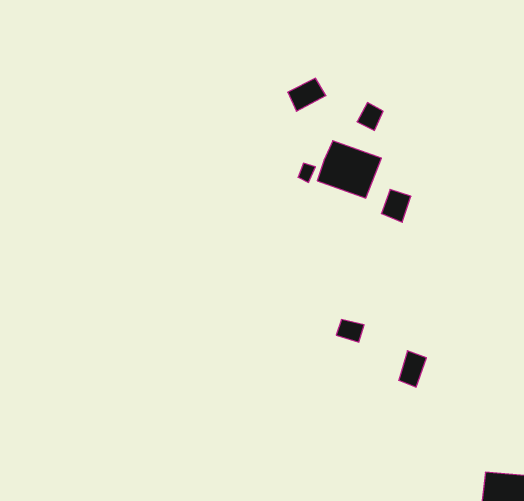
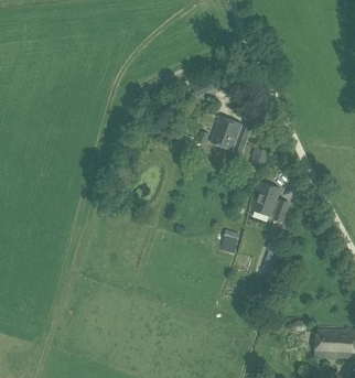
building: none -> [250,183,288,223]

